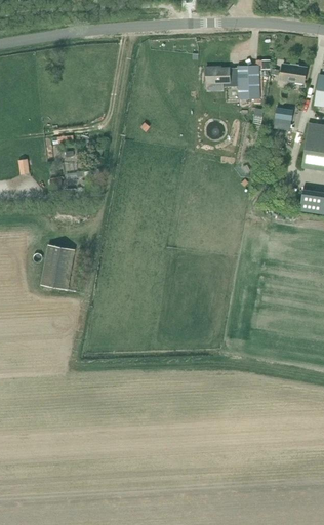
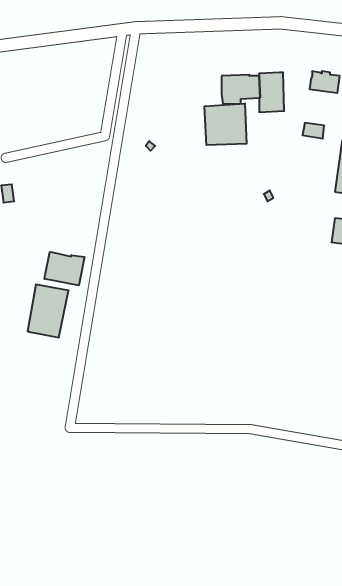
building: none -> [205,103,247,145]
building: none -> [44,252,84,285]

